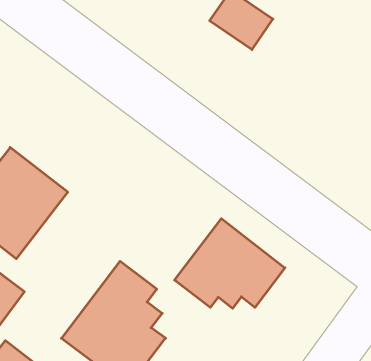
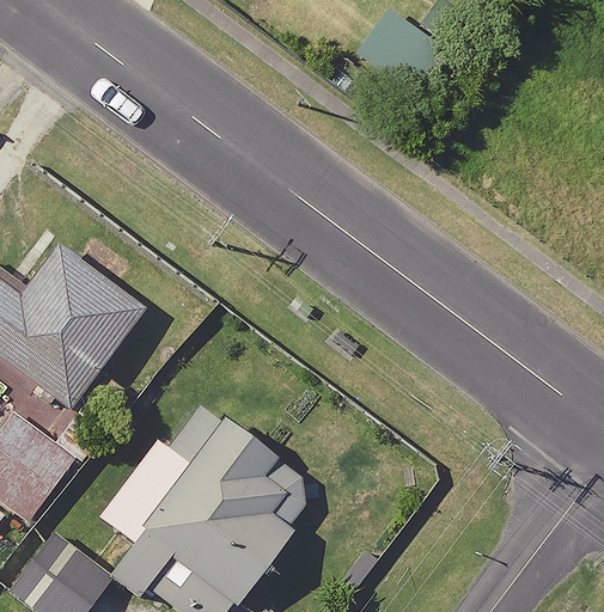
building: [175,219,285,308] -> none

